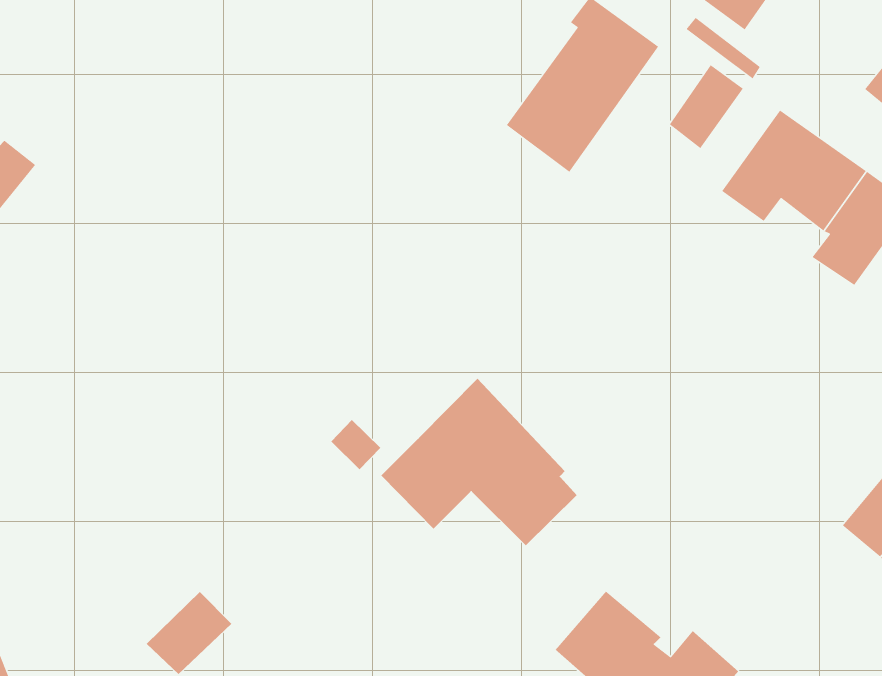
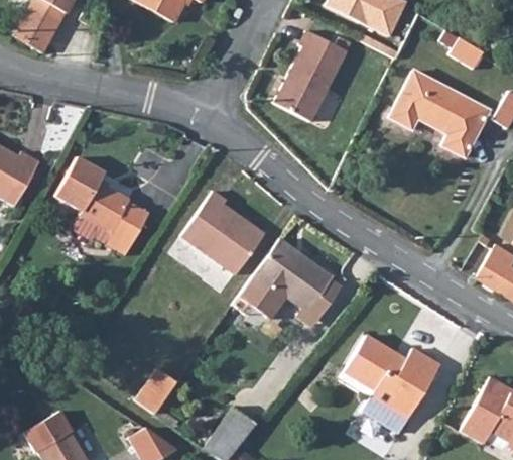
building: [669,64,744,149] -> none
building: none -> [55,158,149,254]
building: none -> [182,189,263,272]

